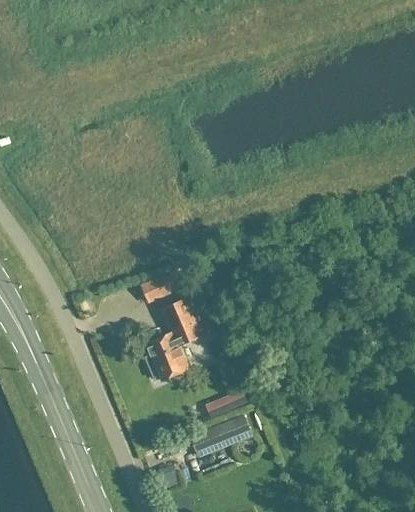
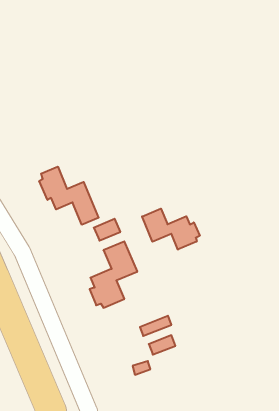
building: none -> [39,167,99,225]
building: none -> [142,209,200,250]

